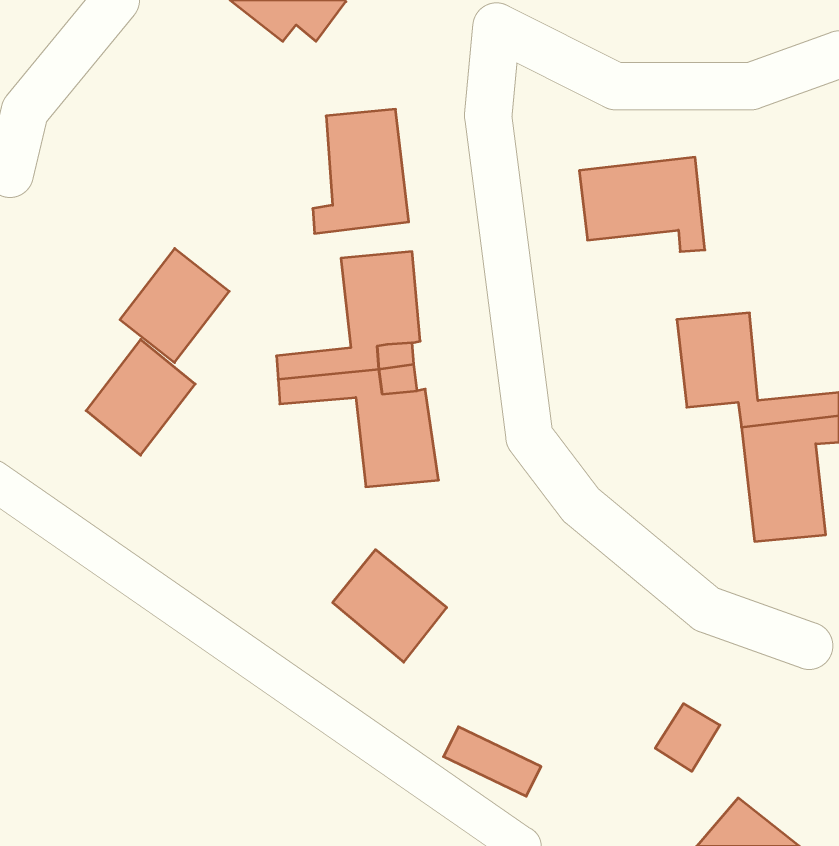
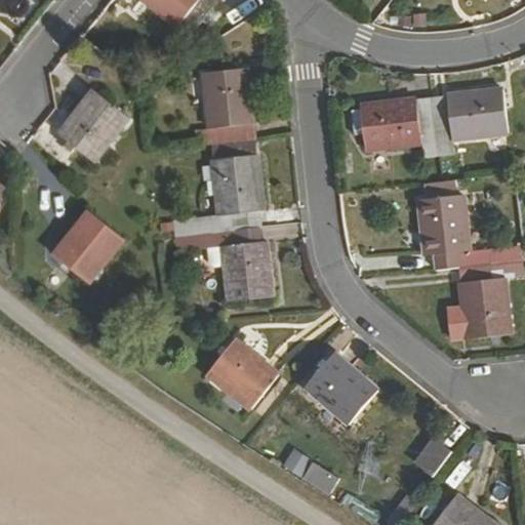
building: none -> [431,89,506,155]
building: [120,248,229,363] -> [59,89,127,160]
building: none -> [305,353,374,423]

